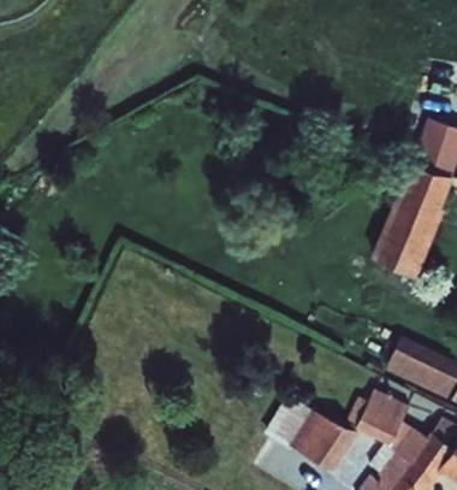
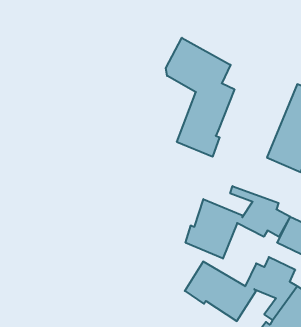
building: none -> [166,38,234,157]
building: none -> [186,186,290,259]

